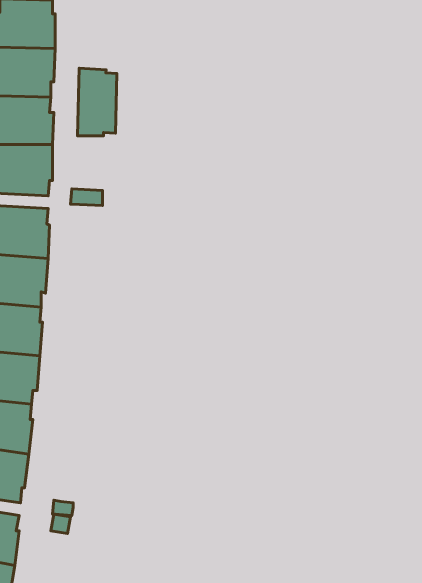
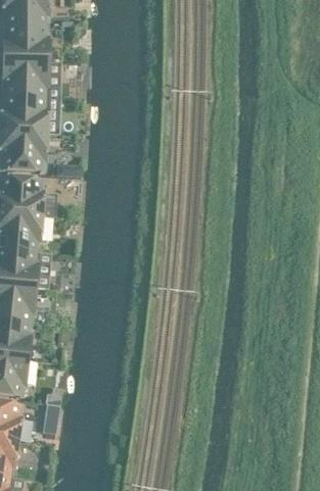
building: [78,68,117,136] -> none

